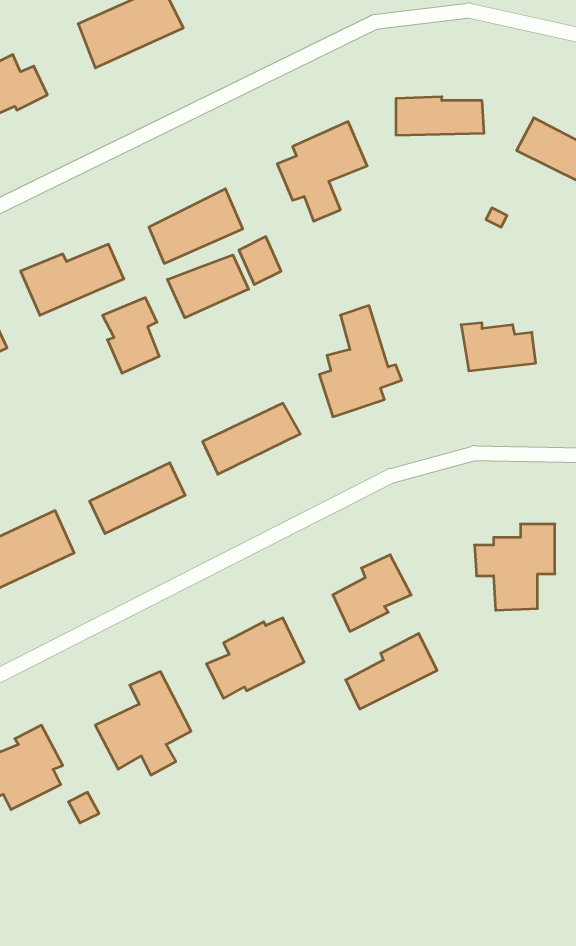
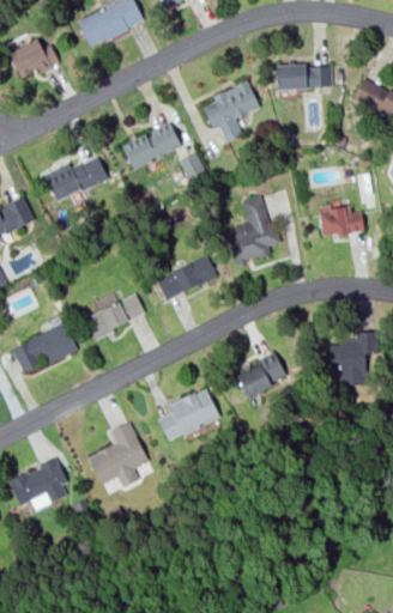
building: [167,255,249,318] -> none
building: [103,298,159,373] -> none
building: [346,633,437,709] -> none

